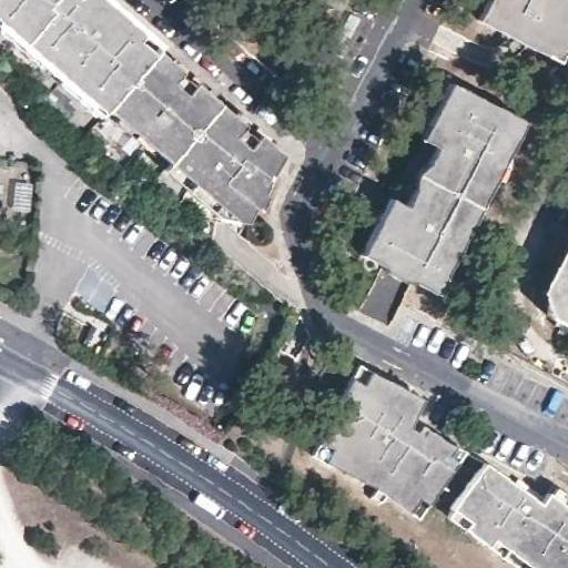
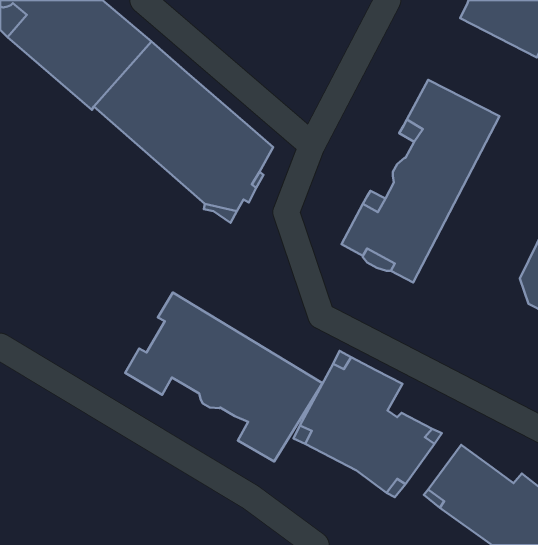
building: none -> [125,292,323,462]

